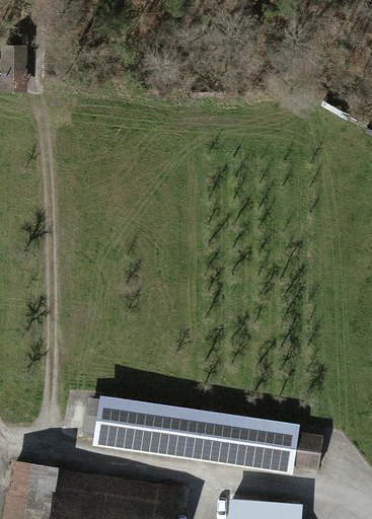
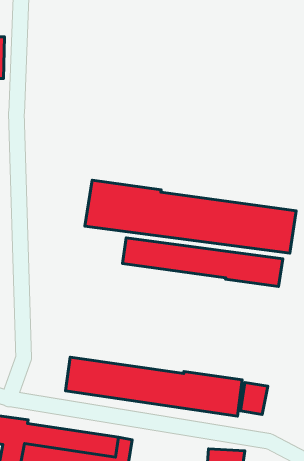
building: none -> [85,180,296,253]
building: none -> [122,238,283,287]

